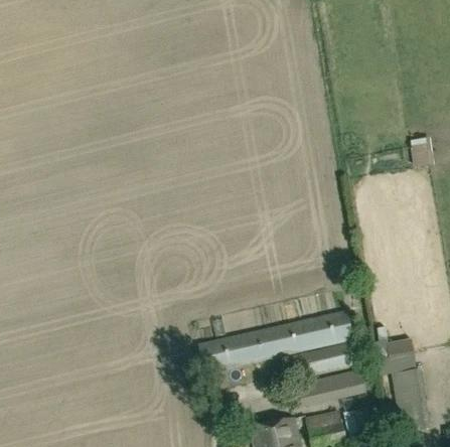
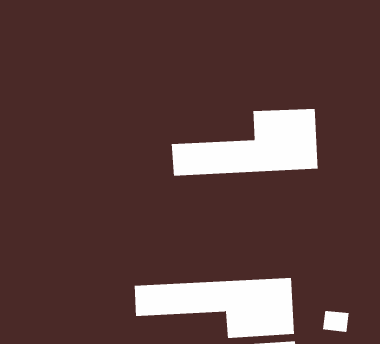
building: none -> [171,108,318,177]

